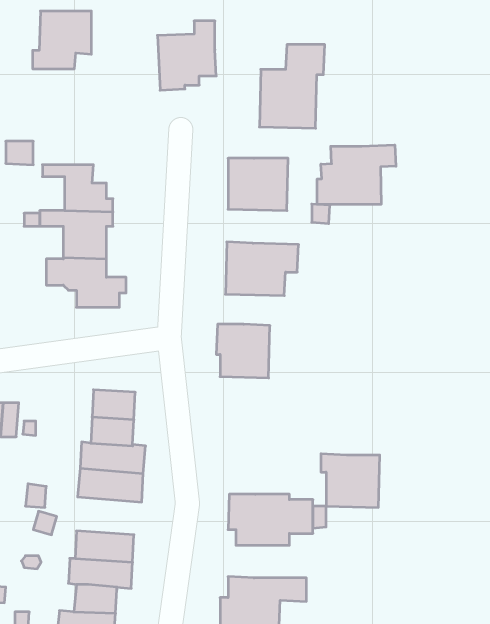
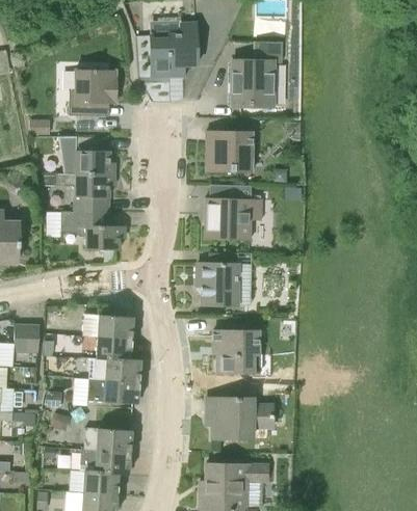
building: [33,11,91,69] -> [69,70,115,115]
building: [317,145,396,204] -> none
building: [321,454,380,507] -> [213,330,260,373]

